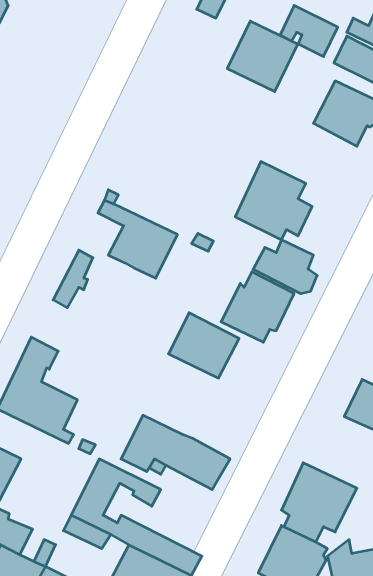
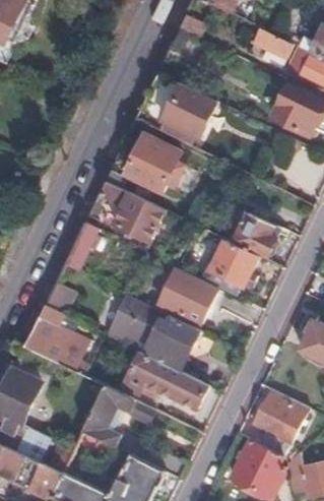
building: [227,21,298,92] -> [159,83,215,139]
building: [235,162,312,240] -> [124,131,185,193]
building: none -> [107,295,200,370]

